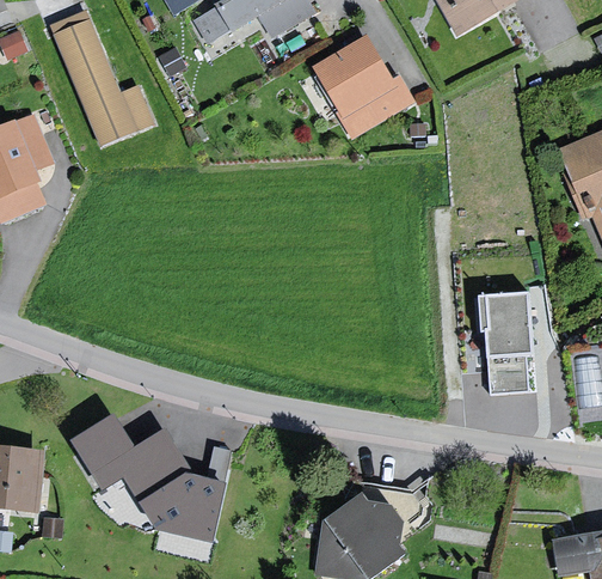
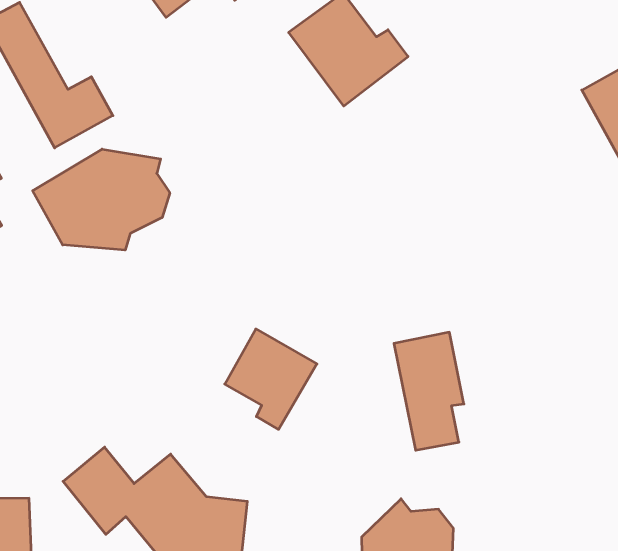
building: none -> [33,149,170,250]
building: [486,295,540,394] -> [394,332,464,450]
building: none -> [225,329,317,429]

